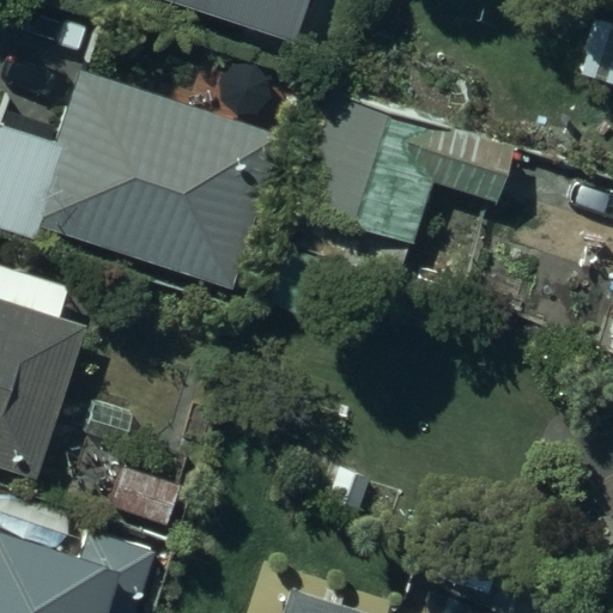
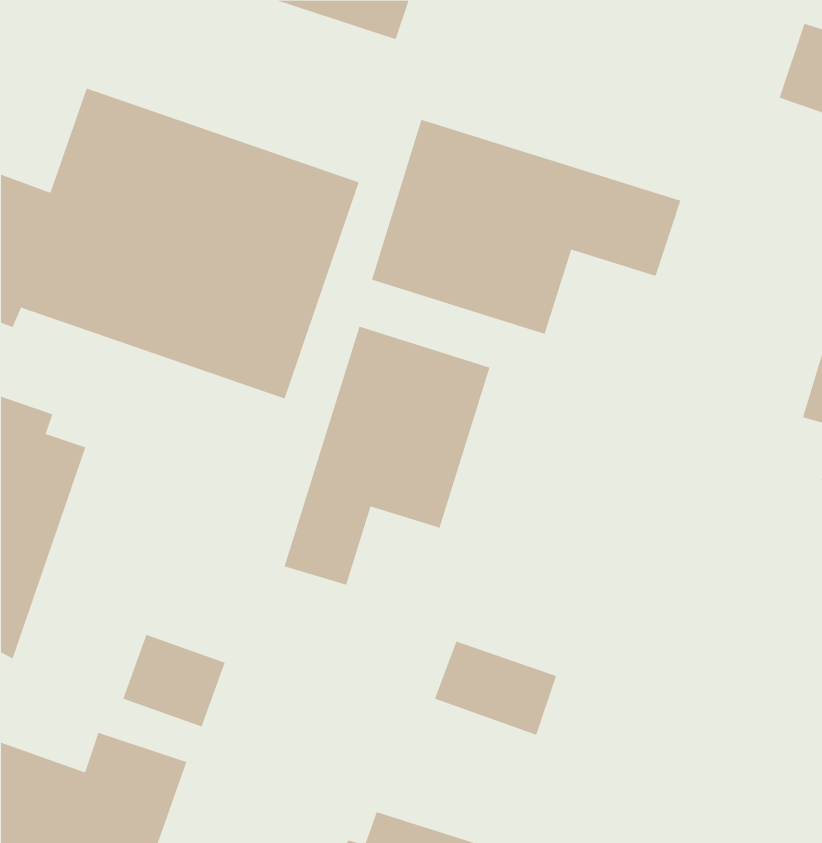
building: none -> [284,326,490,585]

